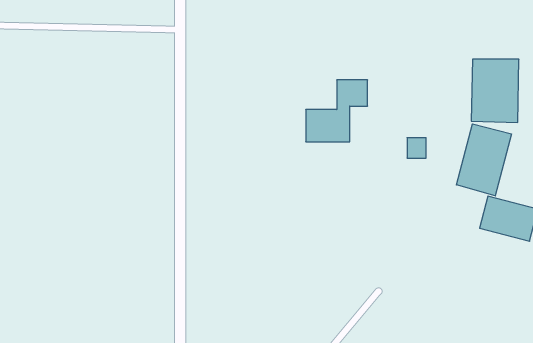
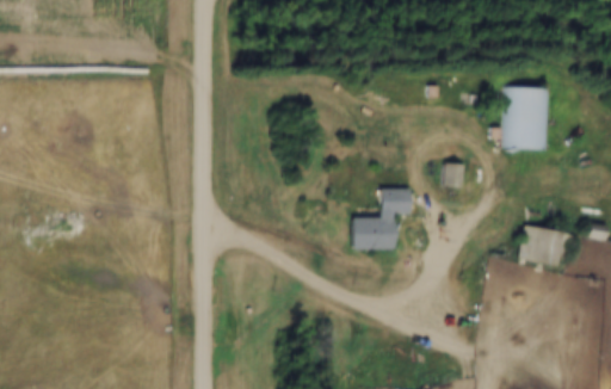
building: [306,80,368,142] -> [346,187,408,249]
building: [456,124,511,196] -> none

